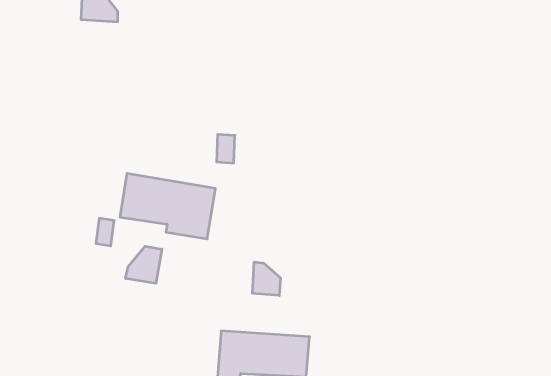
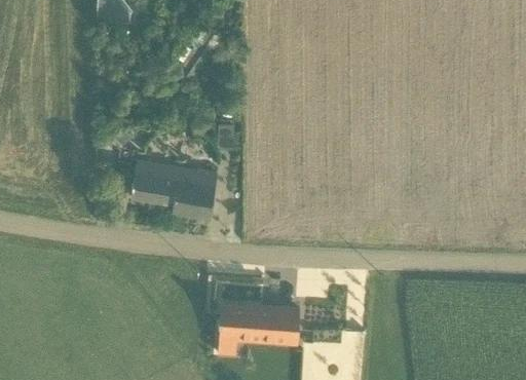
building: [126,246,162,283] -> none
building: [252,262,280,296] -> none

